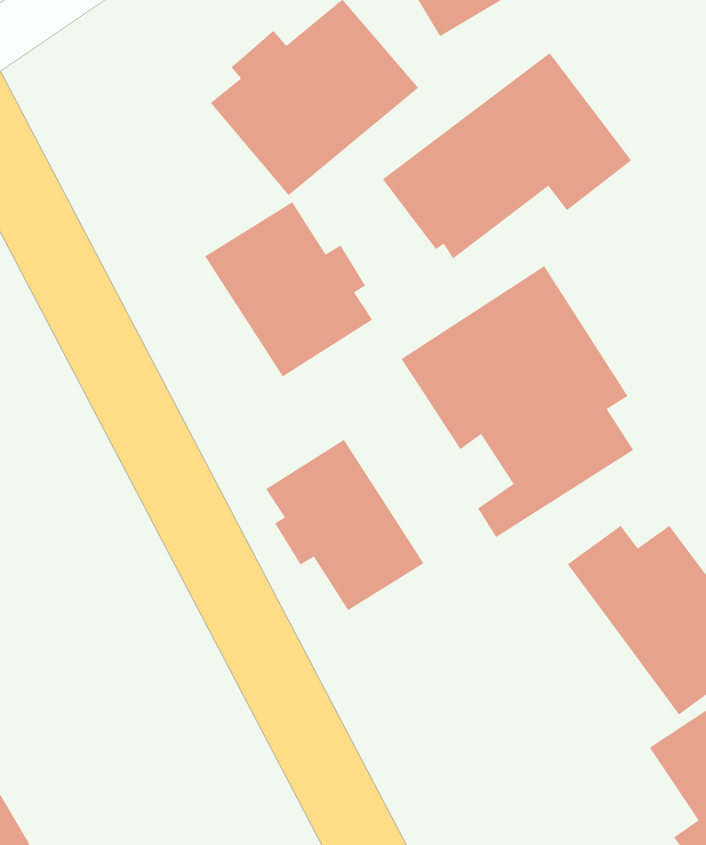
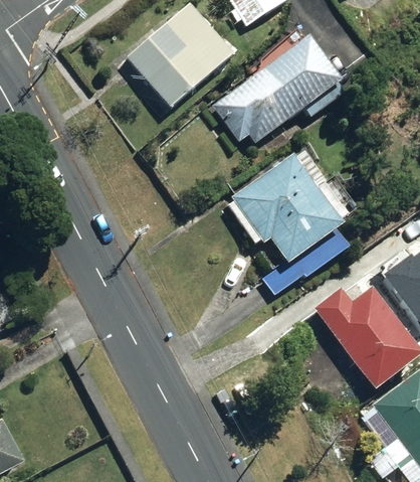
building: [204,201,373,378] -> none
building: [265,439,425,611] -> none

